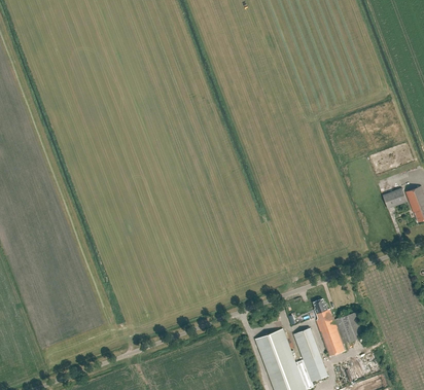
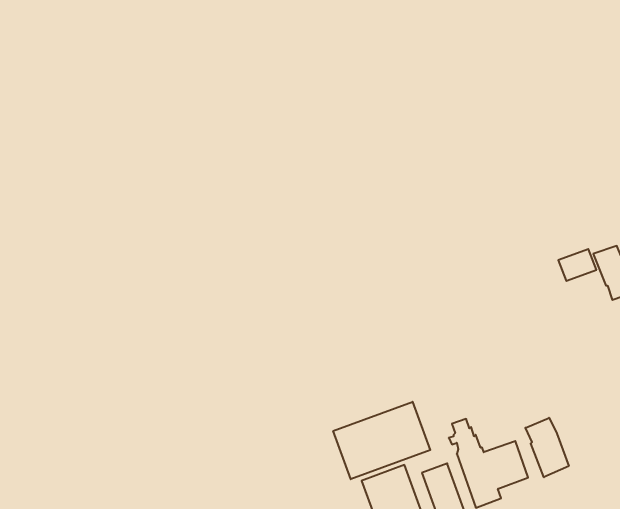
building: none -> [333,402,430,479]
building: none -> [525,418,569,477]

